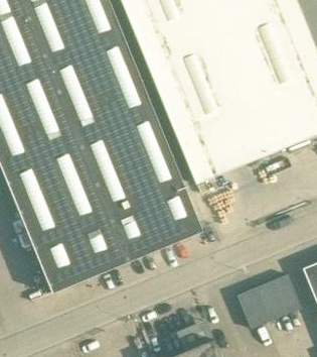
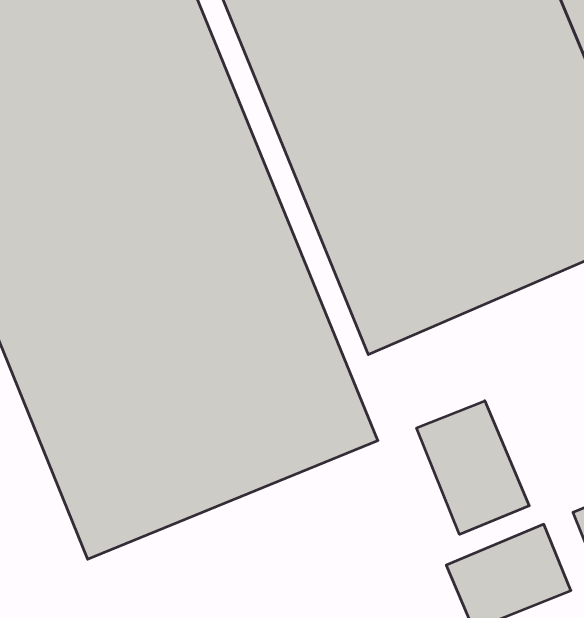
building: none -> [417,401,529,534]

